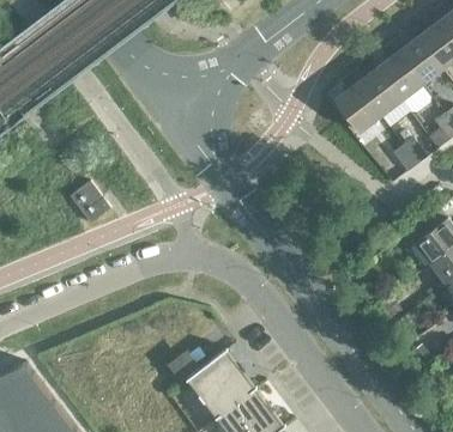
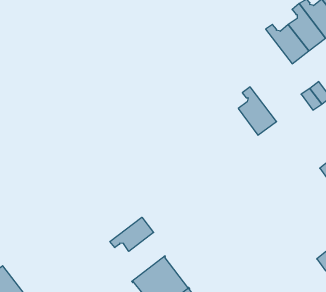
building: [334,74,381,133] -> [238,87,277,135]
building: [70,182,110,225] -> none
building: none -> [110,217,154,251]

